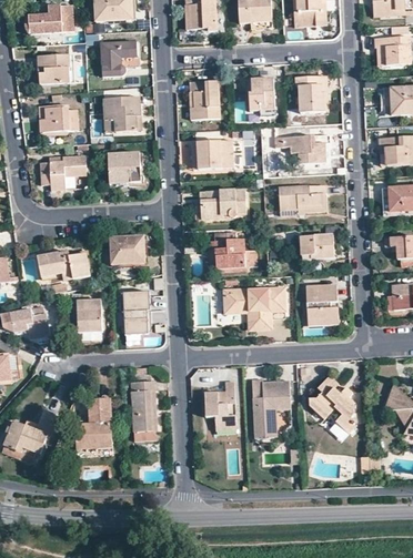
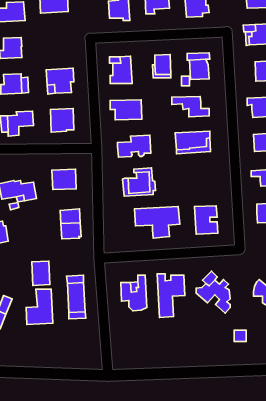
building: [100,41,137,77] -> none
building: [300,234,332,257] -> none
building: [77,298,101,332] -> [32,261,50,285]

